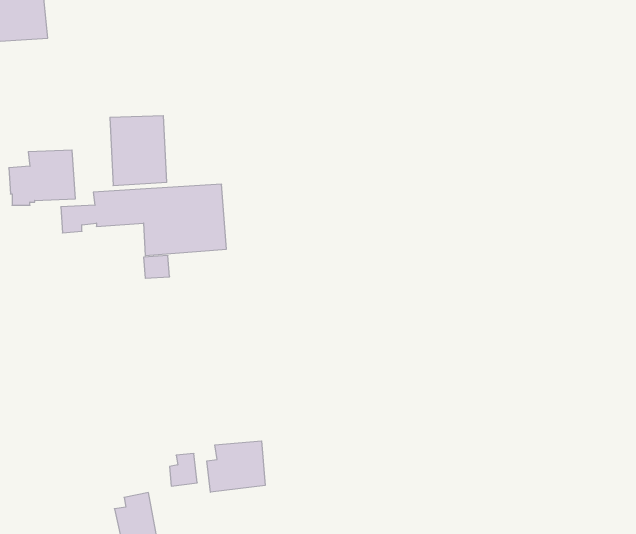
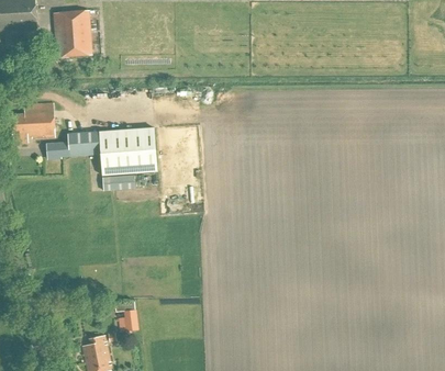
building: [110,116,167,186] -> [53,10,91,57]
building: [207,441,265,492] -> none

